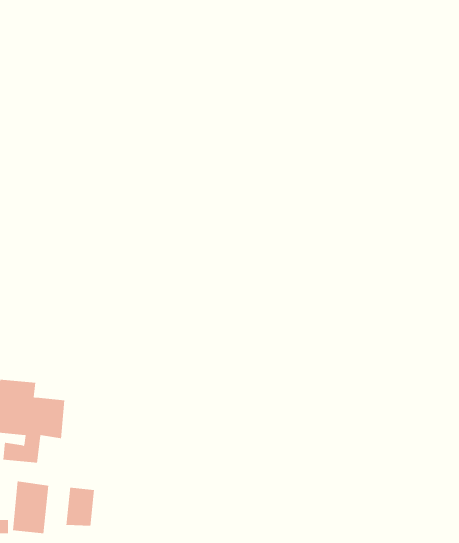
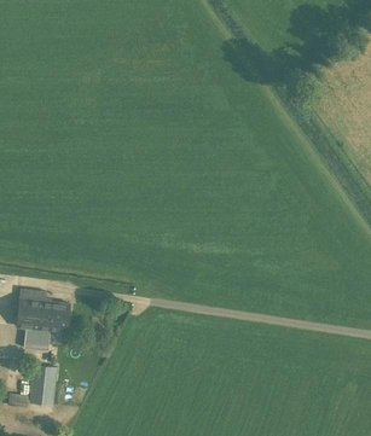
building: [66,487,94,527] -> none

